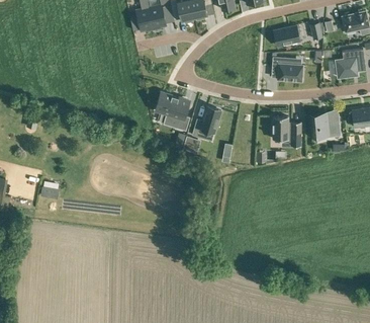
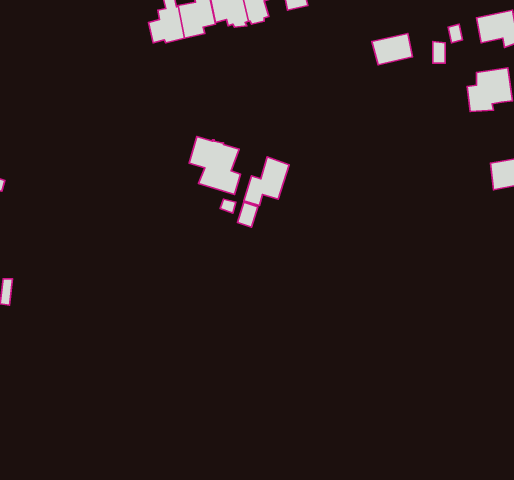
building: [272,56,302,80] -> none
building: [310,112,342,138] -> none
building: [274,116,302,147] -> none

